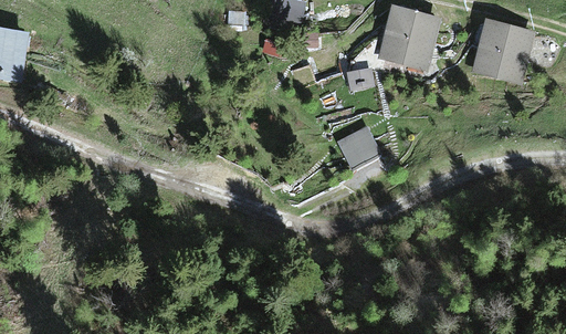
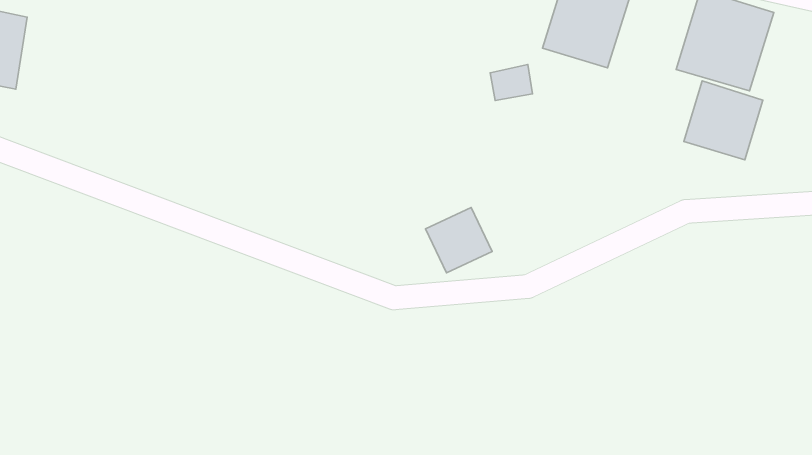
building: none -> [684,81,763,160]
building: [334,125,379,169] -> [425,208,492,273]

